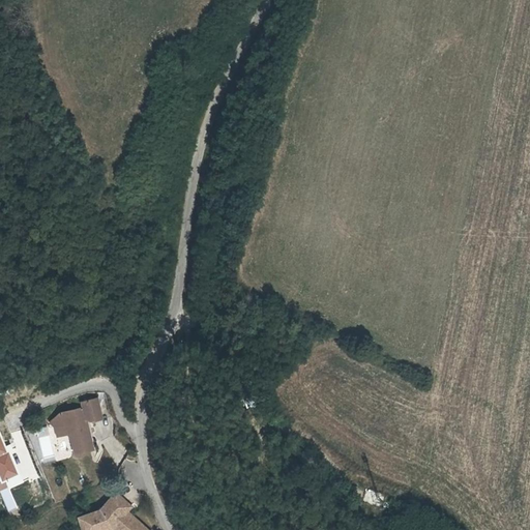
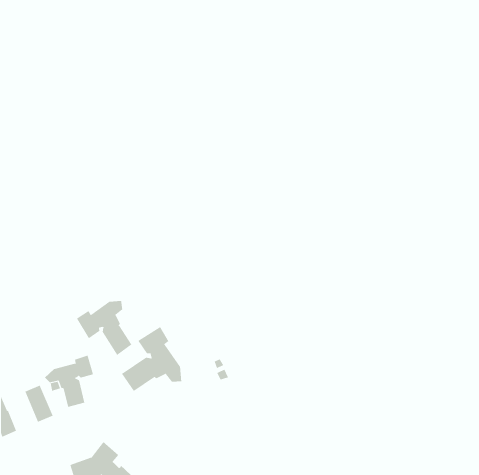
building: none -> [76,300,132,356]
building: none -> [121,326,182,392]

